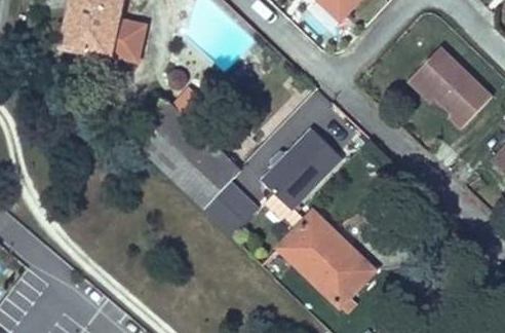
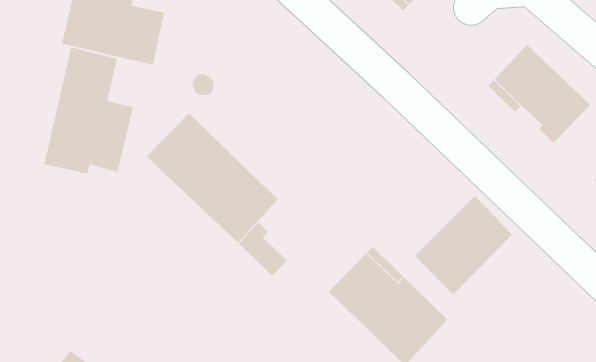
building: none -> [44,46,134,175]
building: [264,126,344,208] -> [414,195,513,295]

